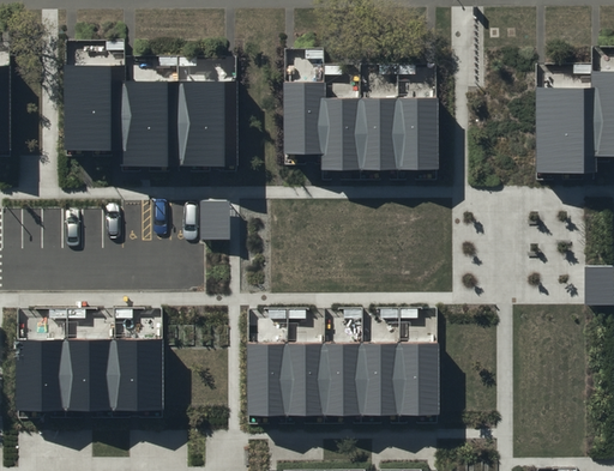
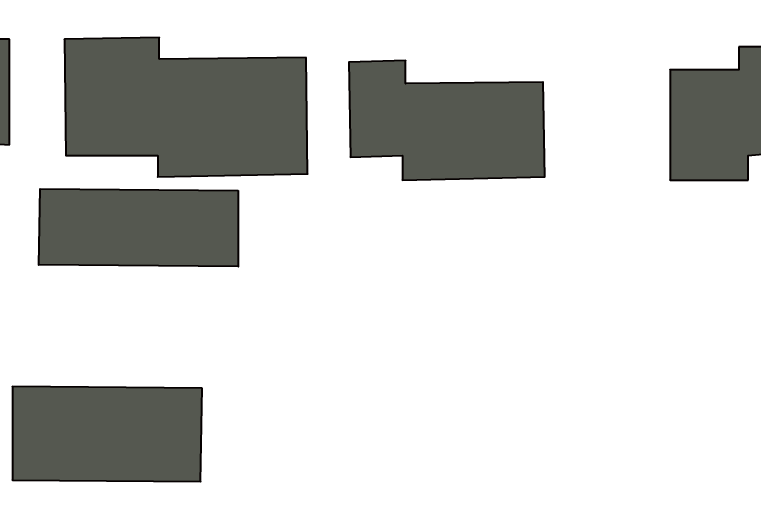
building: none -> [39,189,238,267]
building: [247,344,438,416] -> none

